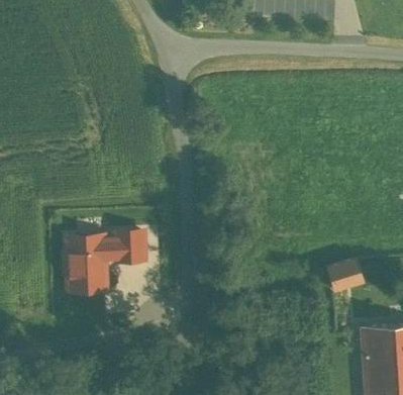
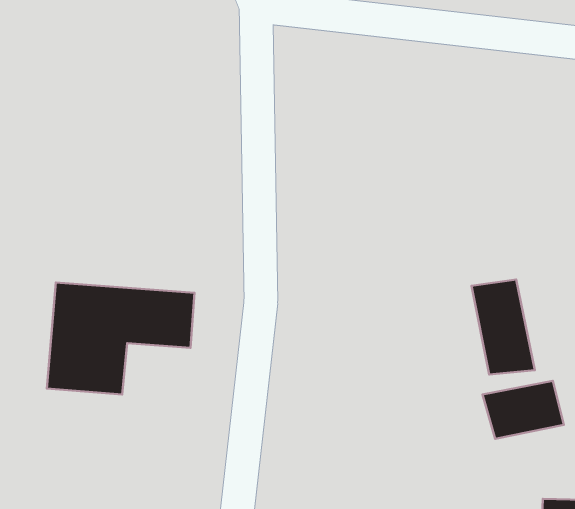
building: none -> [471,280,535,374]

